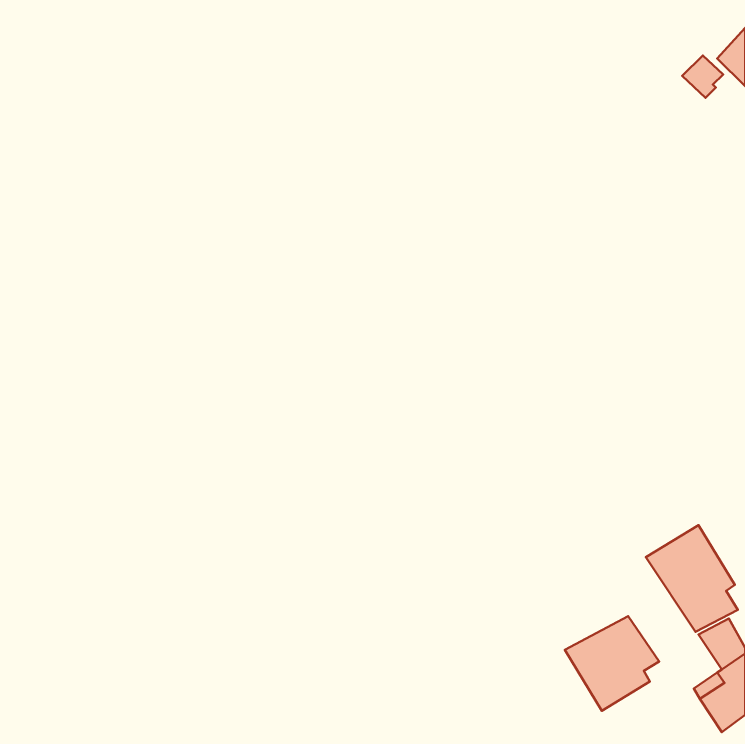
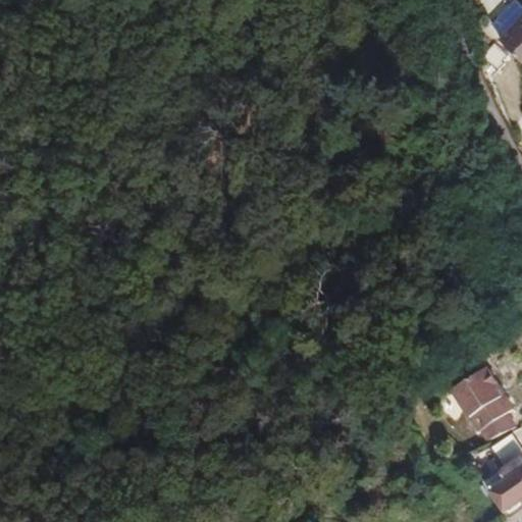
building: [565,616,659,711] -> none

